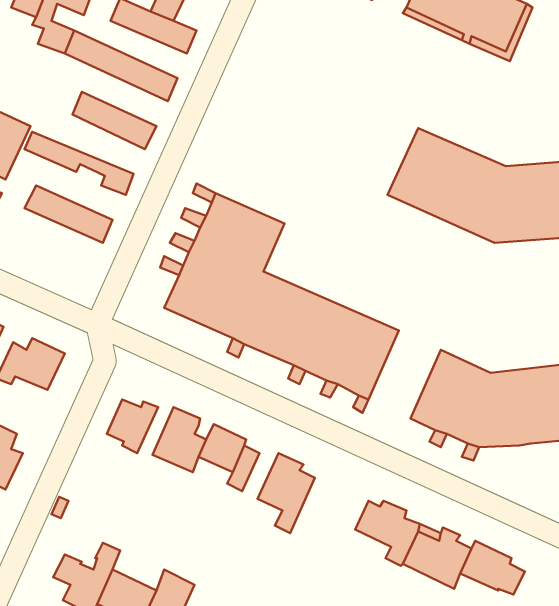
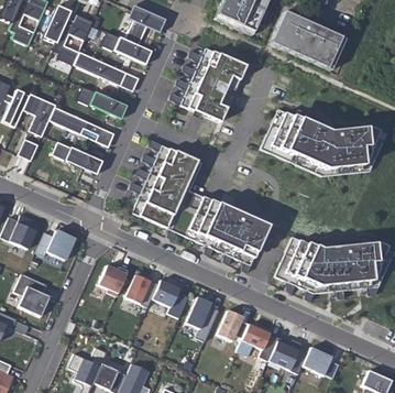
building: none -> [180,46,245,121]
building: none -> [218,309,249,340]

